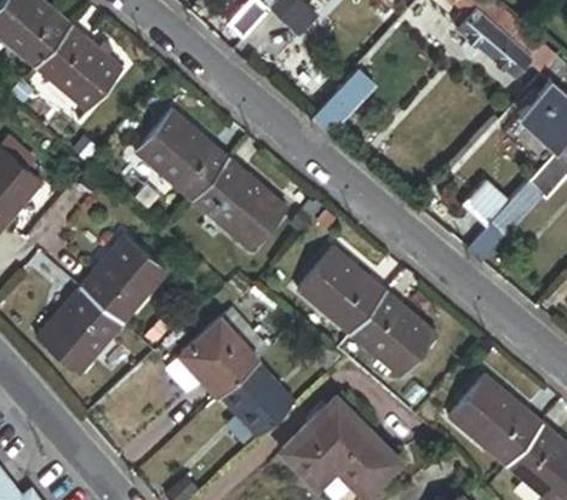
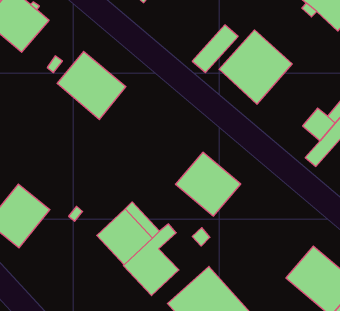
building: none -> [219,30,292,104]
building: [189,155,284,247] -> none
building: [78,235,165,323] -> none
building: [345,288,433,374] -> none

